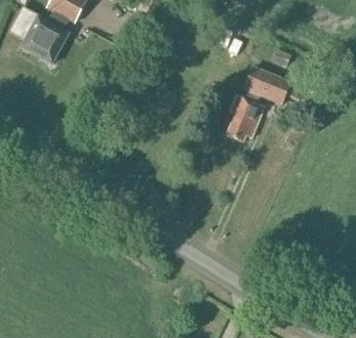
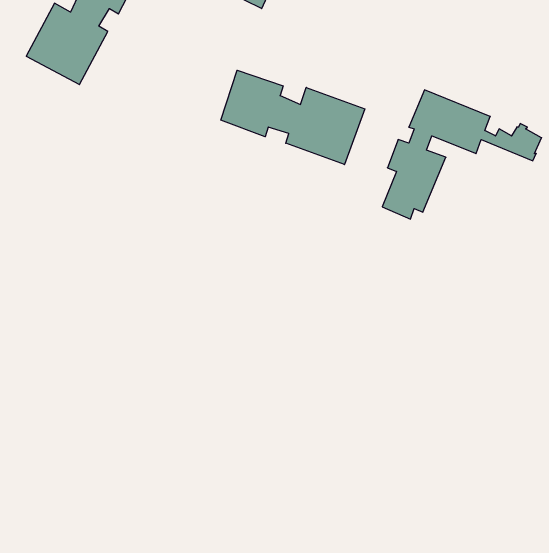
building: none -> [221,70,365,165]

